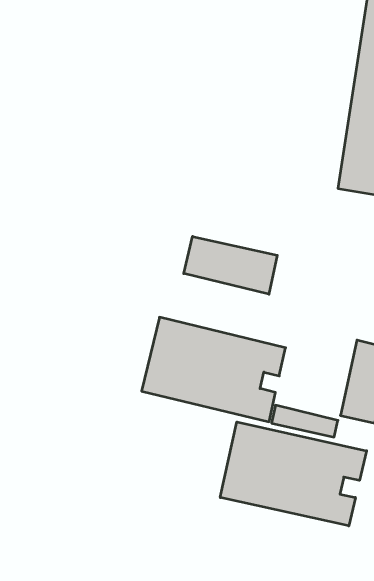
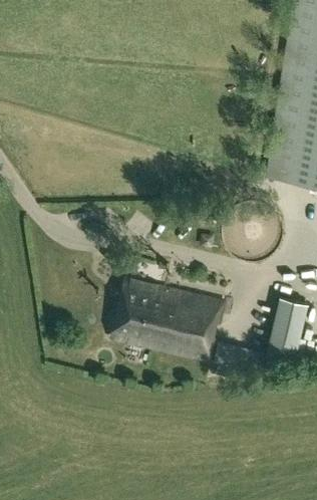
building: [184,236,277,294] -> none
building: [220,422,367,526] -> none

